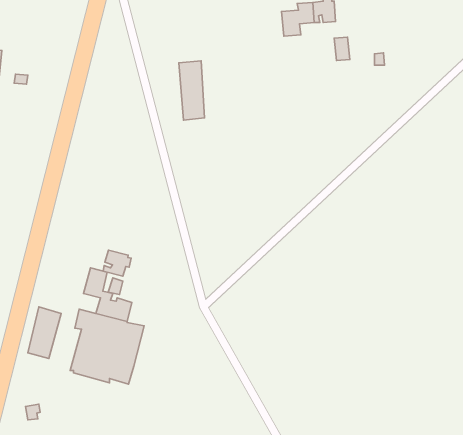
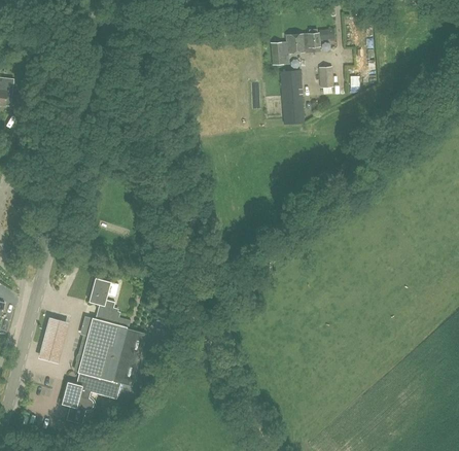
building: [179,61,205,120] -> [280,69,304,124]
building: [103,250,131,276] -> none
building: none -> [62,374,112,423]

